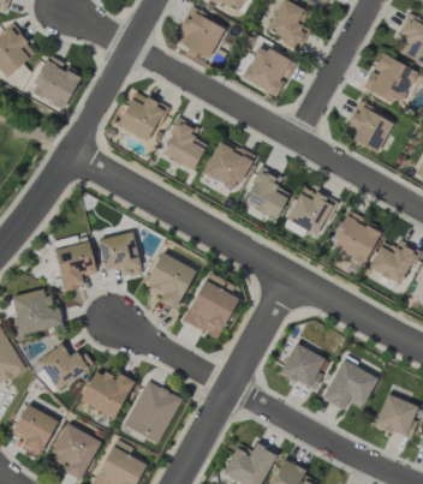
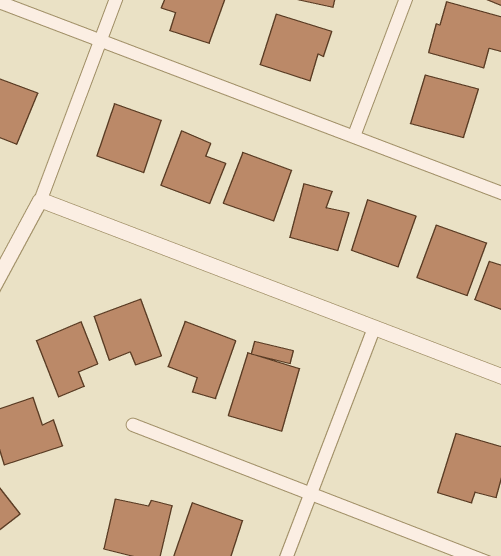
building: [37,345,94,390] -> none
building: [281,345,326,390] -> none

